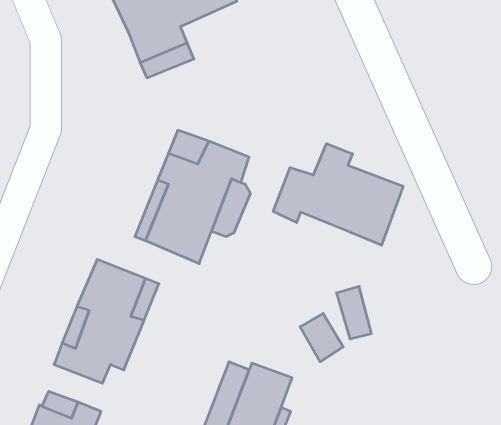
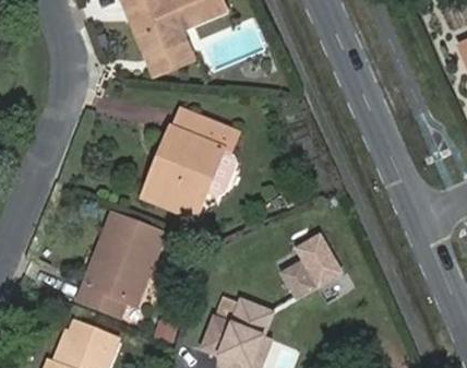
building: [273,144,403,245] -> none

